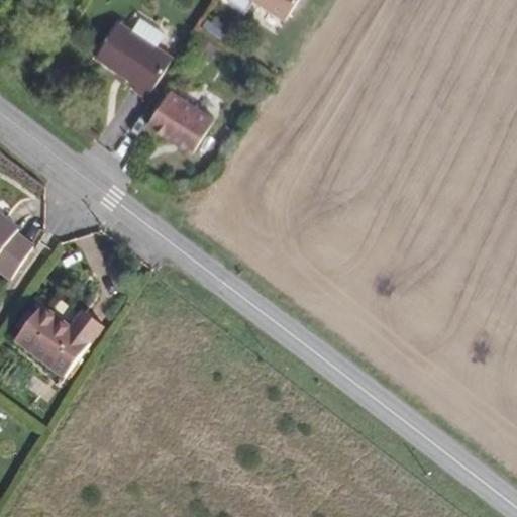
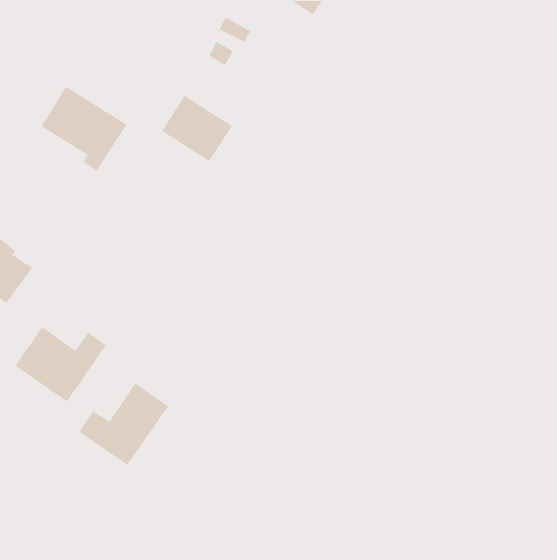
building: [94,23,174,102] -> [40,86,128,172]
building: none -> [78,383,169,466]

